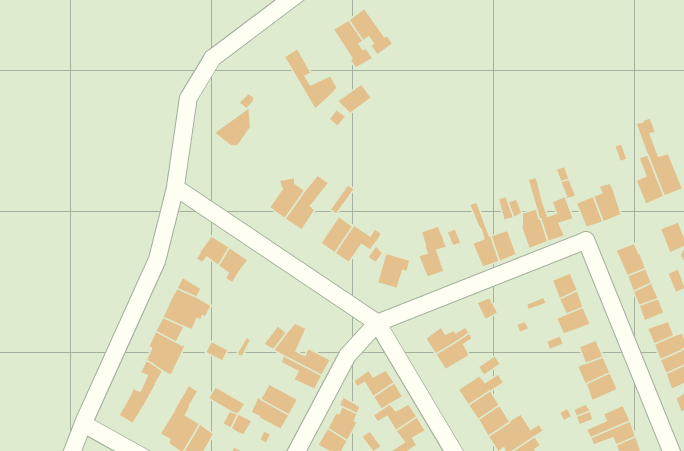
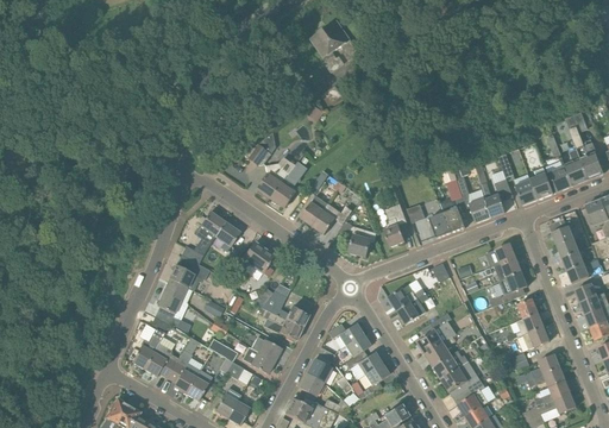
building: [284,48,337,109] -> none
building: [214,107,251,146] -> [244,132,275,164]
building: none -> [542,153,573,193]
building: none -> [243,241,274,273]
building: none -> [144,336,178,377]

